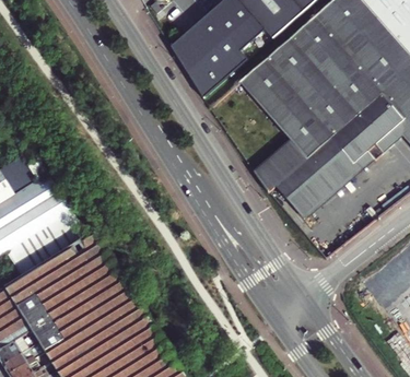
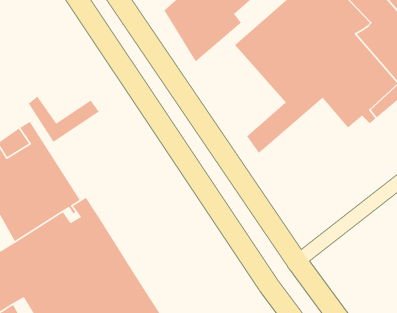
building: none -> [28,96,100,143]
building: [271,133,375,220] -> none

